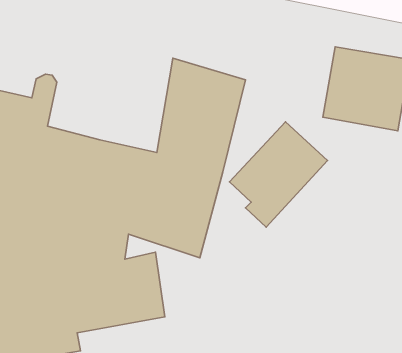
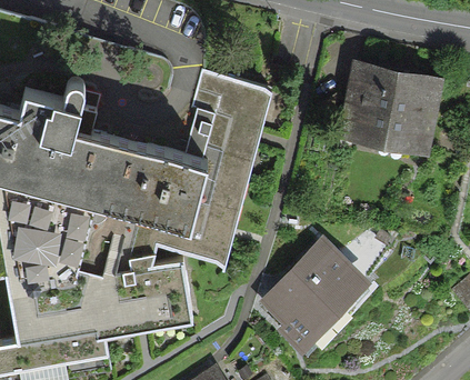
building: [230,122,327,227] -> [267,238,362,341]

